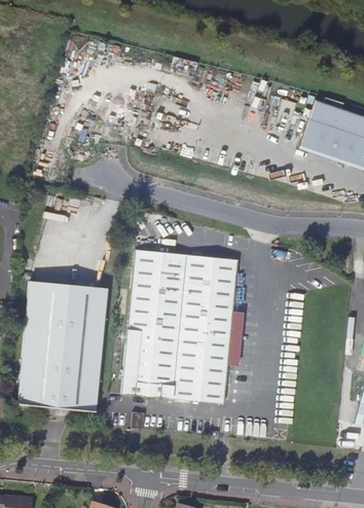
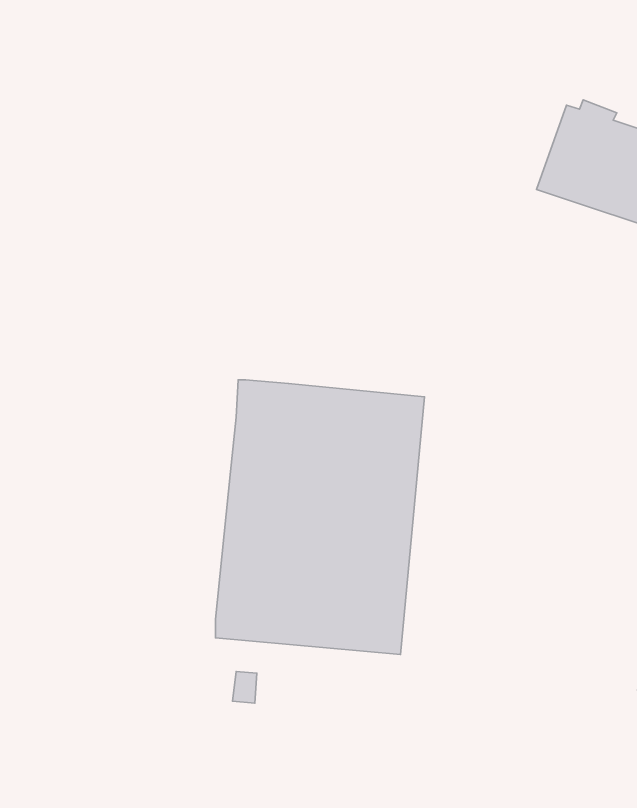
building: [17,281,106,411] -> none

